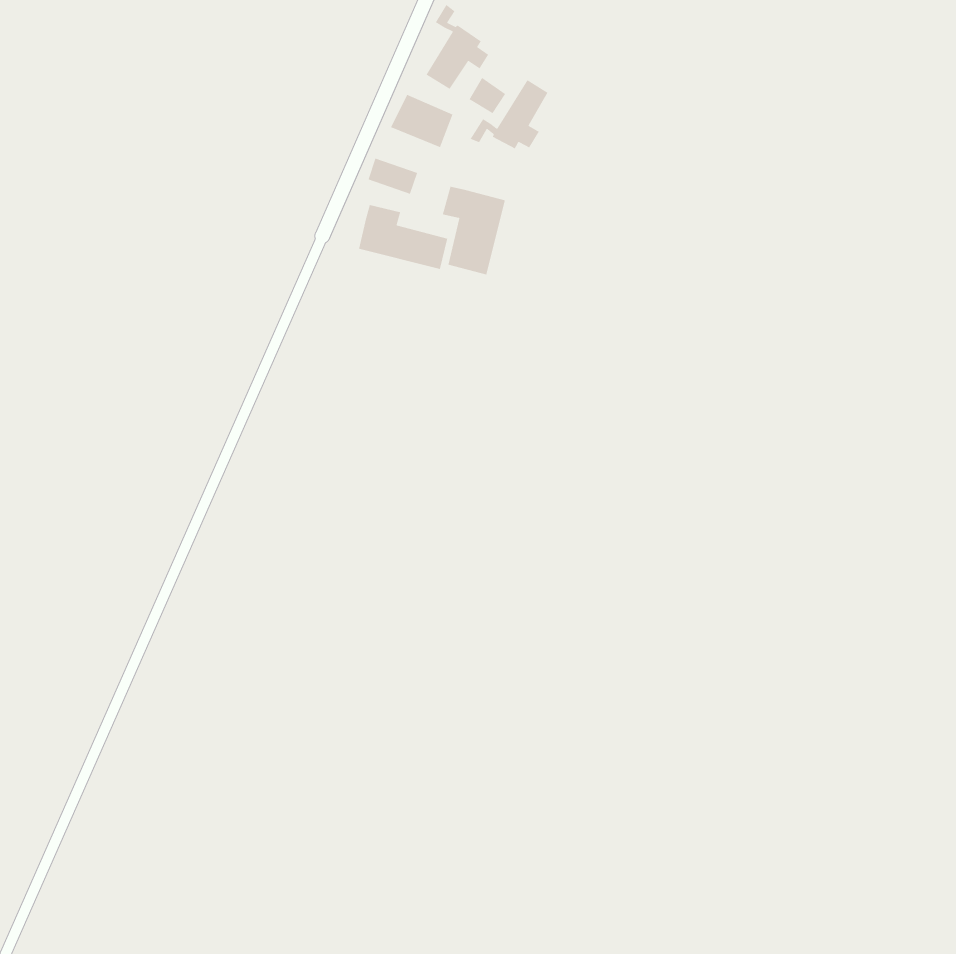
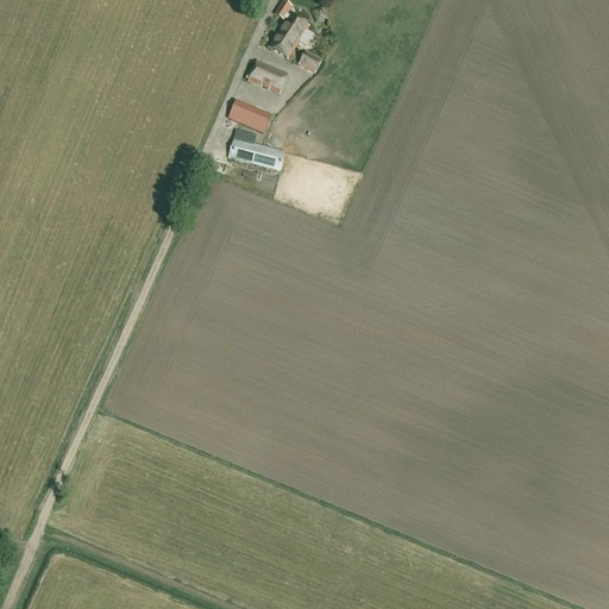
building: [470,79,549,149] -> none
building: [442,186,506,276] -> none

